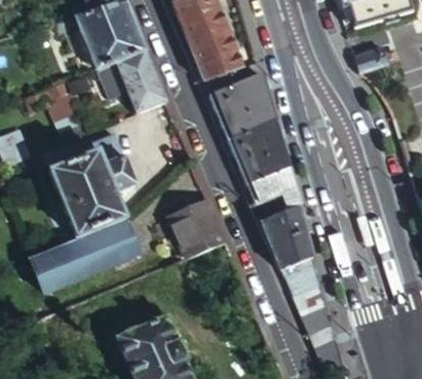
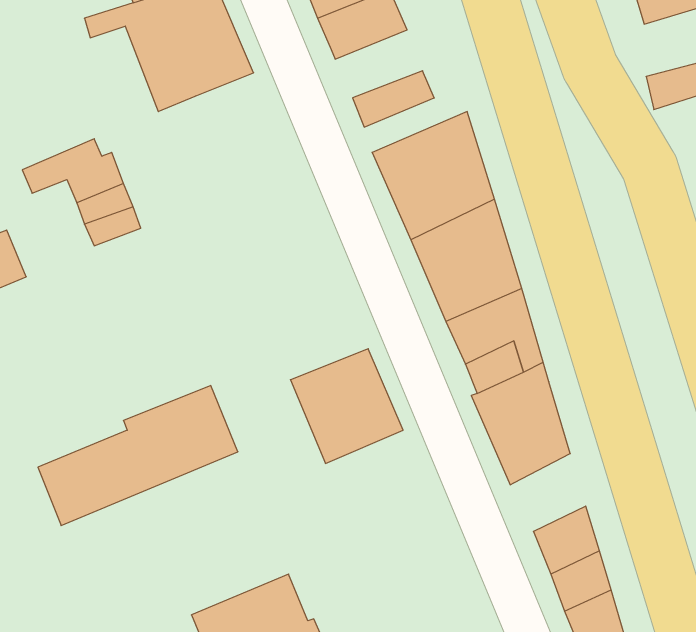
building: [191,29,237,65] -> none
building: [104,51,167,112] -> none
building: [52,134,135,235] -> none
building: [285,253,323,294] -> none

